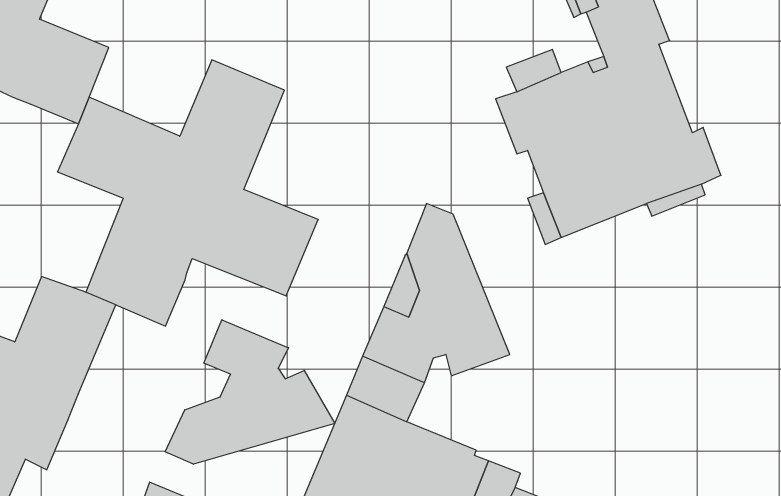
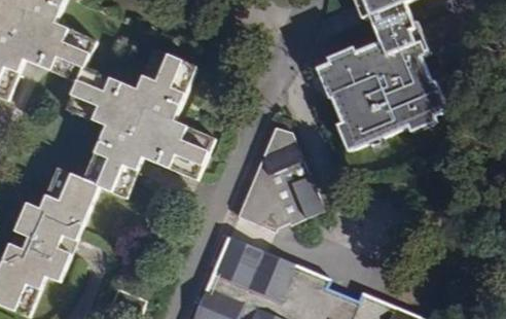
building: [165,320,335,464] -> none

